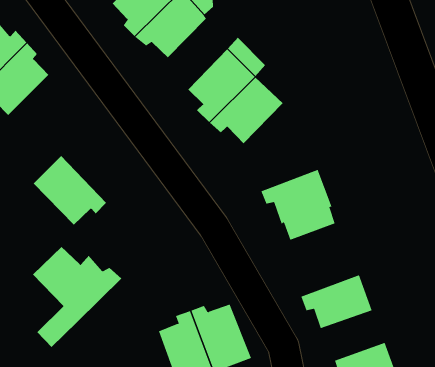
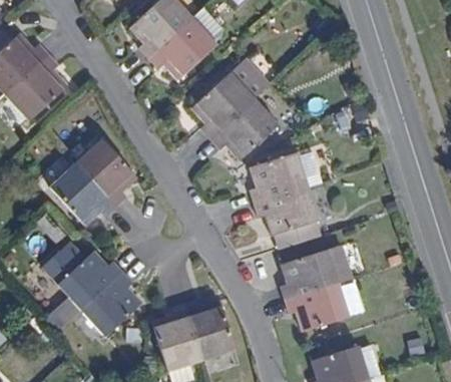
building: none -> [74,138,135,207]
building: none -> [248,153,322,204]
building: none -> [279,246,349,301]
building: none -> [81,276,141,339]

